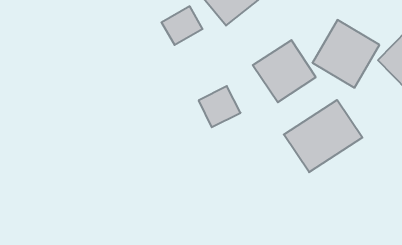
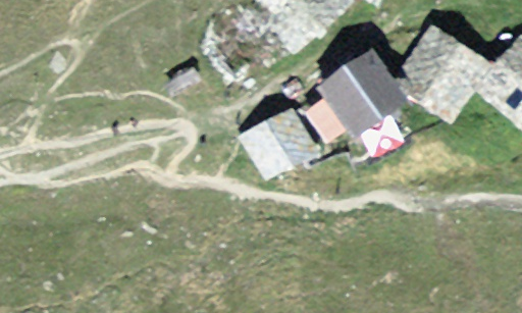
building: [284,100,362,172] -> none

